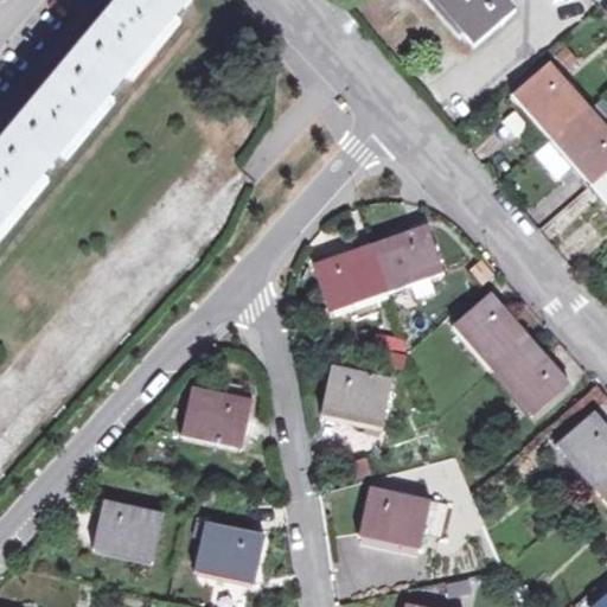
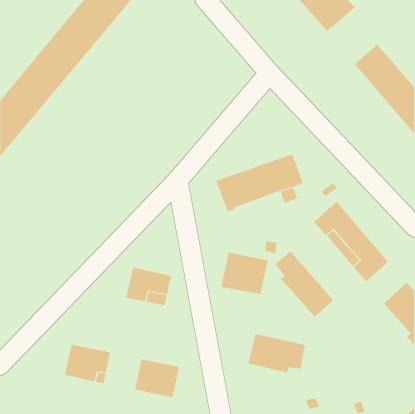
building: none -> [274,251,334,318]

